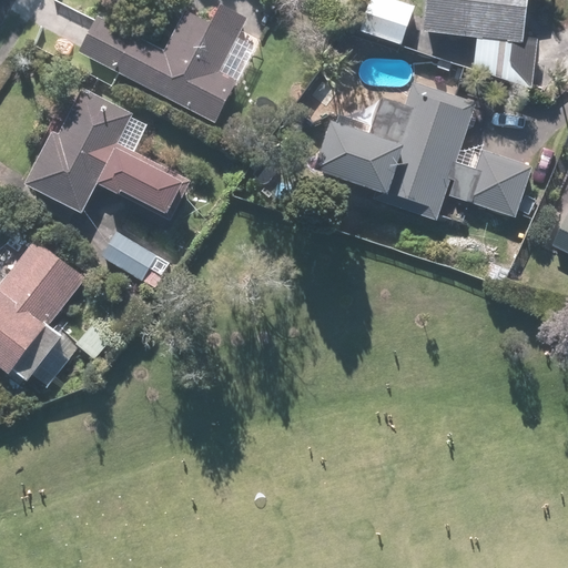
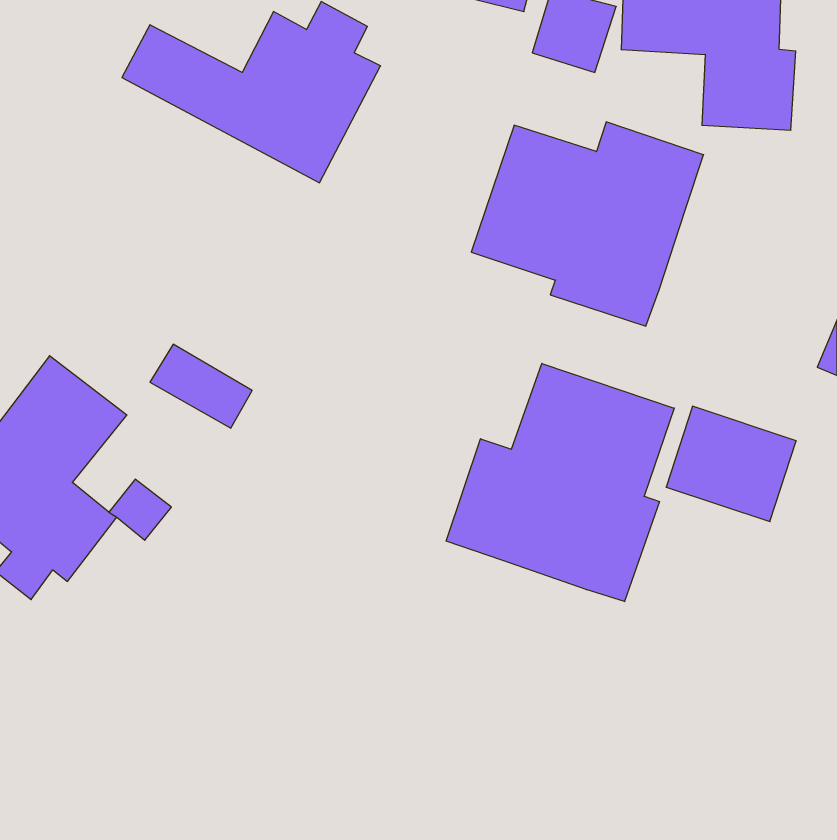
building: [26,83,187,220] -> none
building: [444,141,531,219] -> [666,406,796,522]
building: none -> [446,363,674,602]

